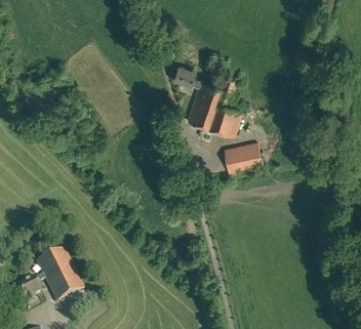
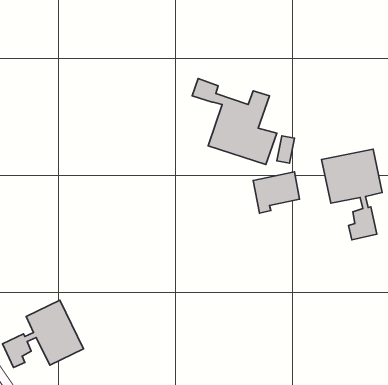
building: none -> [322,149,382,240]

